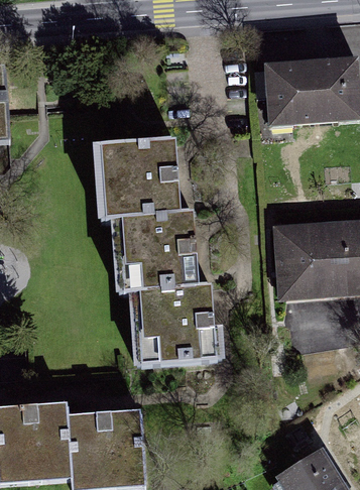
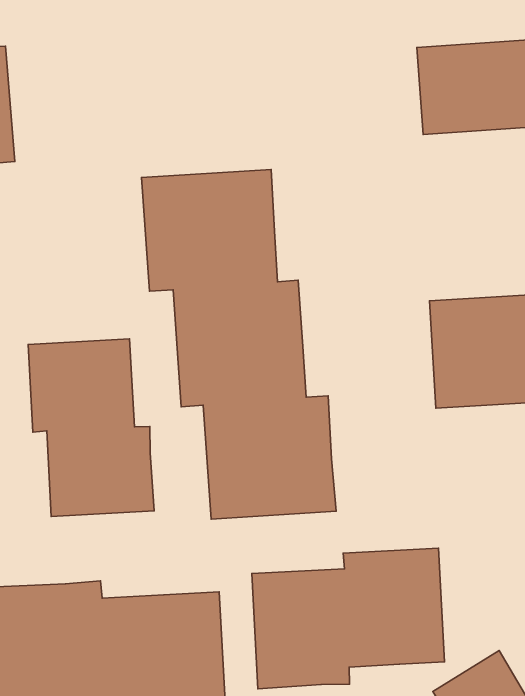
building: none -> [28,339,154,516]
building: none -> [252,548,445,689]

